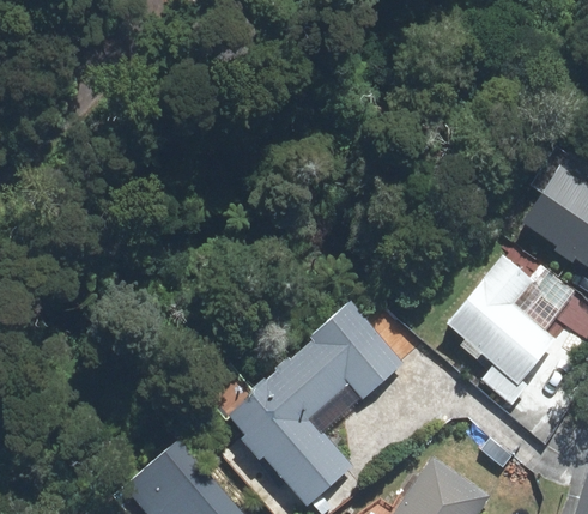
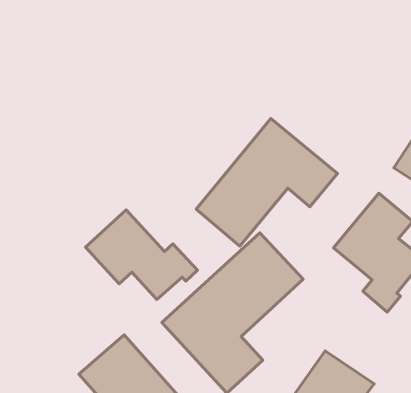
building: none -> [196,118,337,246]
building: none -> [85,210,198,300]

